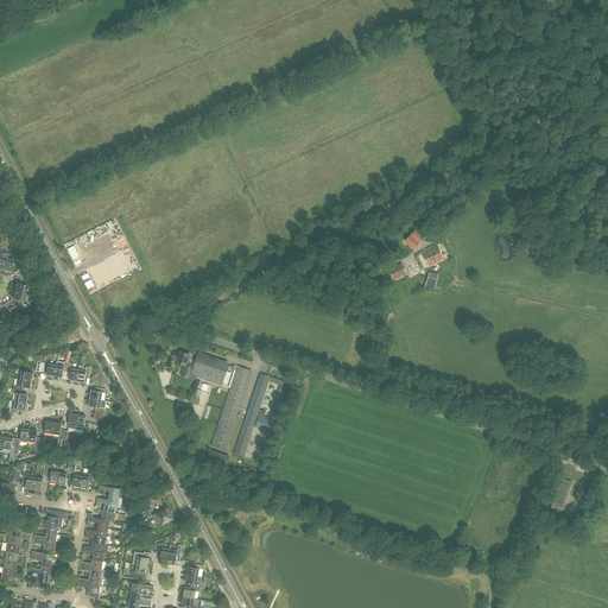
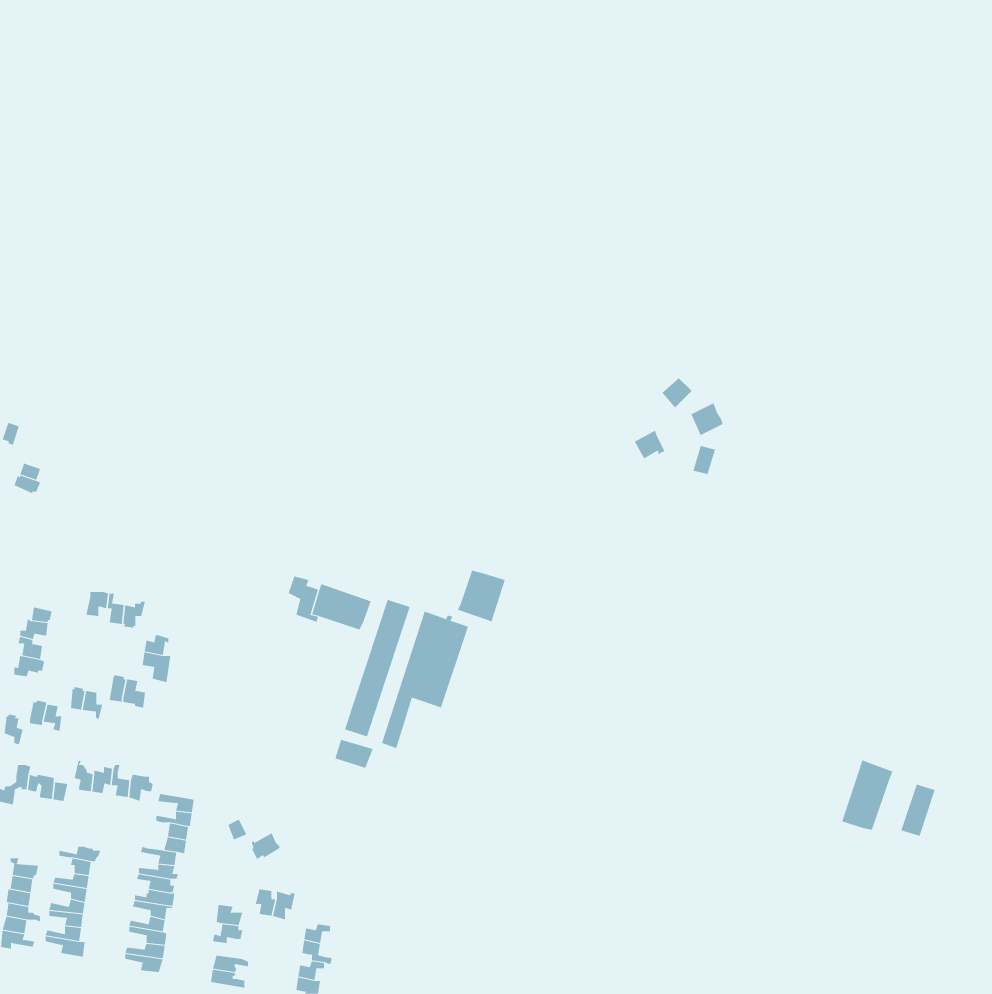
building: none -> [457,570,505,622]
building: none -> [842,760,893,830]

